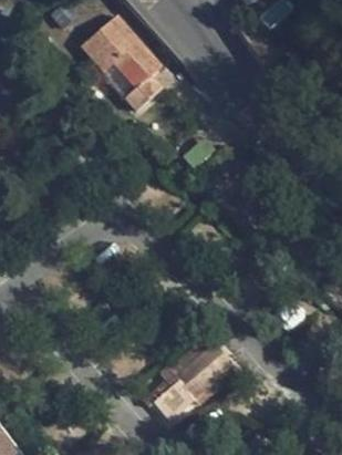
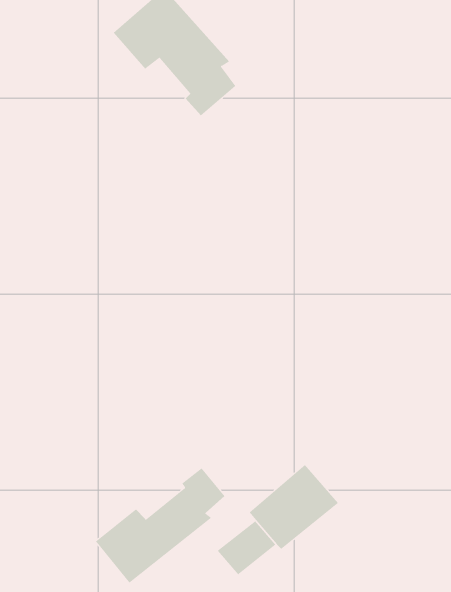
building: none -> [95,467,225,583]

